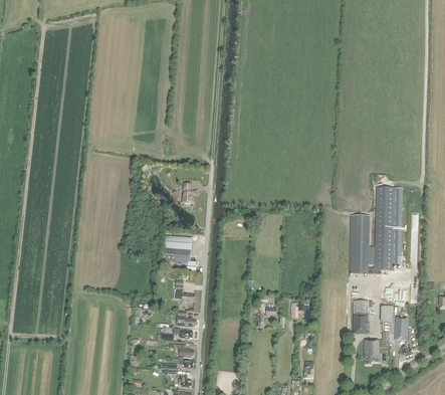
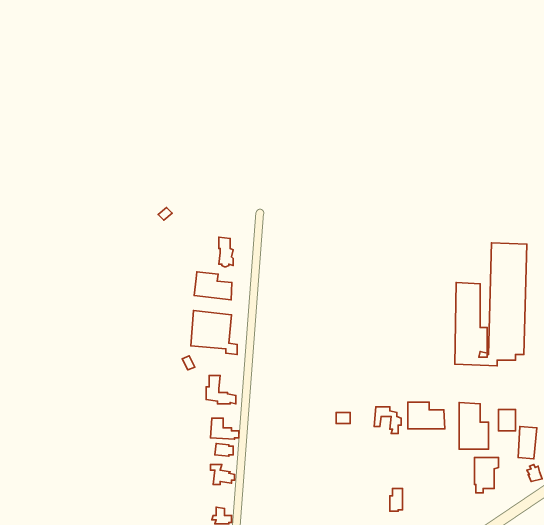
building: none -> [194,272,232,300]
building: none -> [408,402,445,429]

